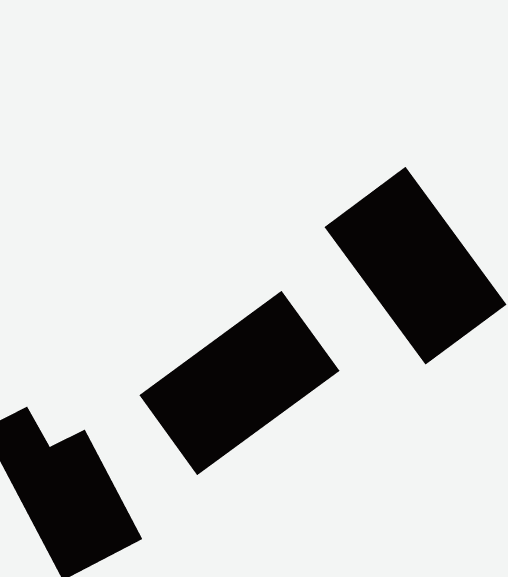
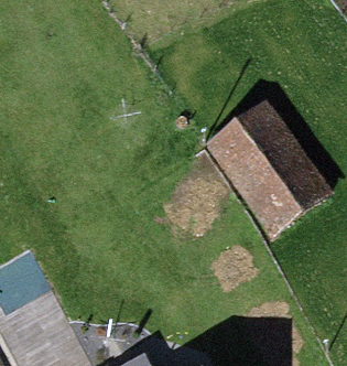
building: [138,290,340,476] -> none

